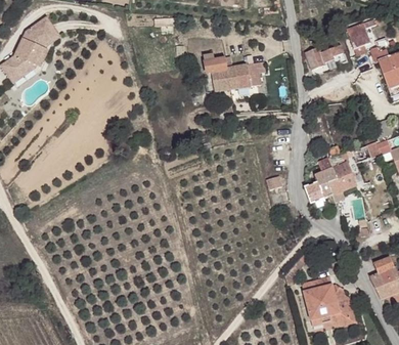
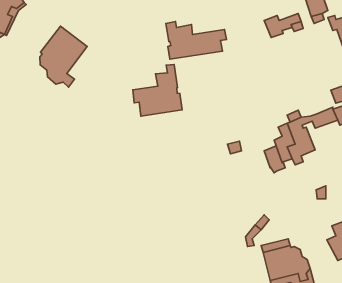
building: none -> [40,26,87,87]
building: none -> [133,65,182,116]

